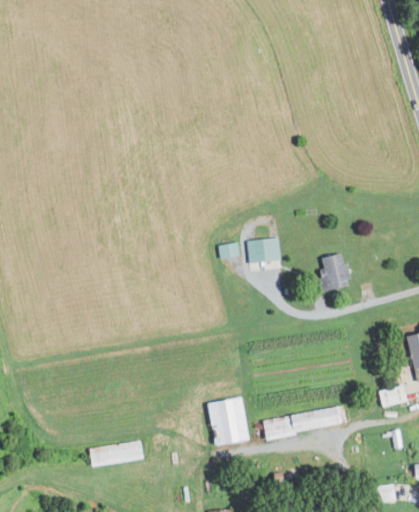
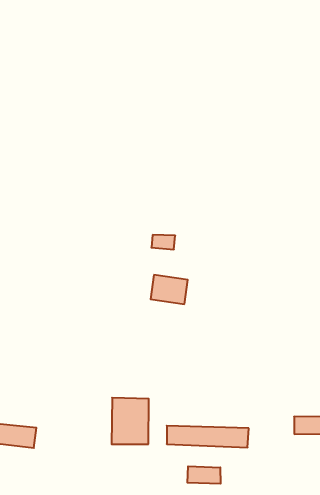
building: [248,239,281,263] -> [151,275,188,304]
building: [318,254,350,291] -> none
building: none -> [187,466,221,484]

